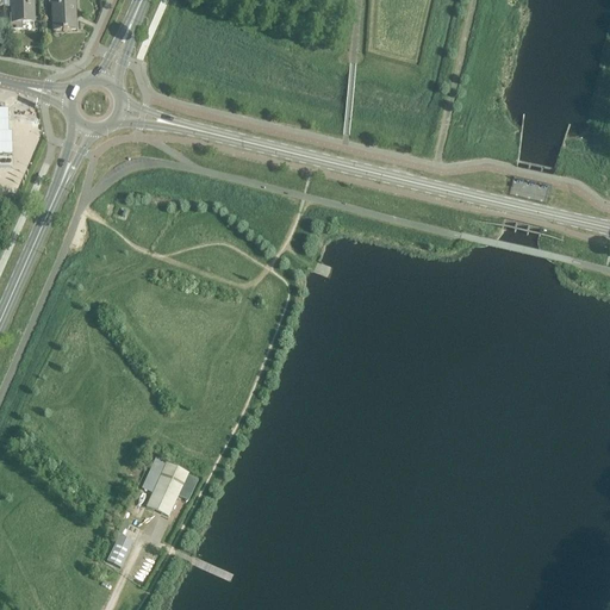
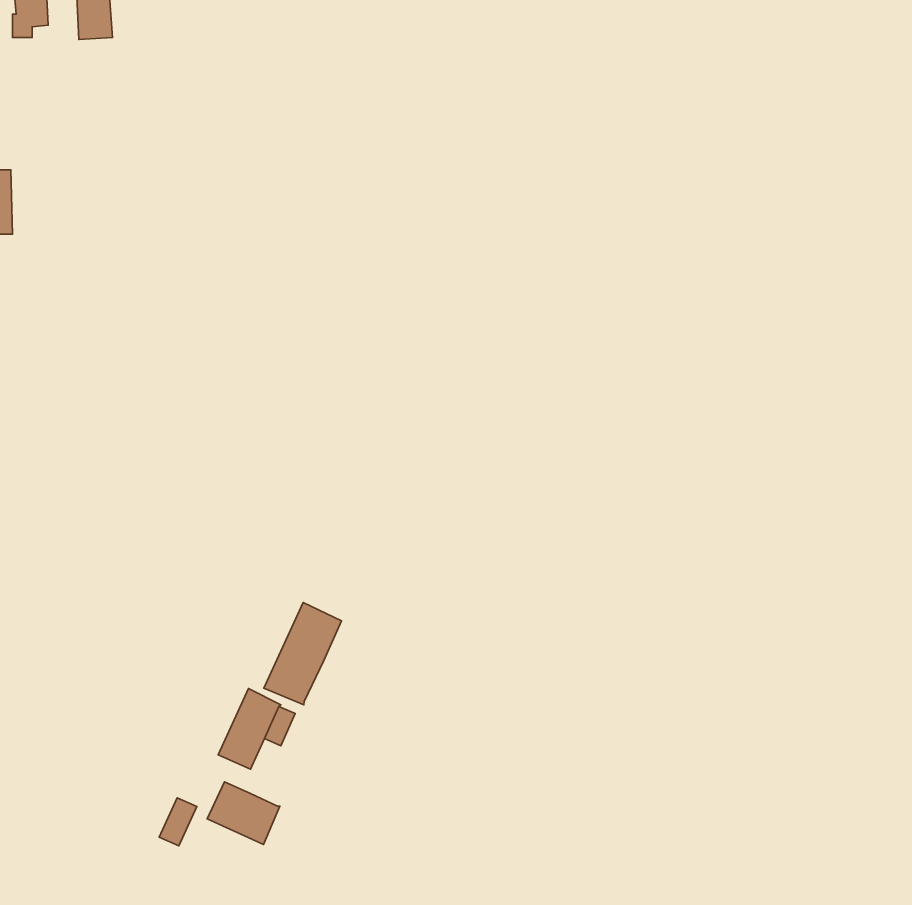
building: none -> [264,603,342,705]
building: none -> [207,782,280,844]

